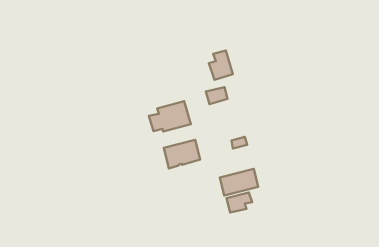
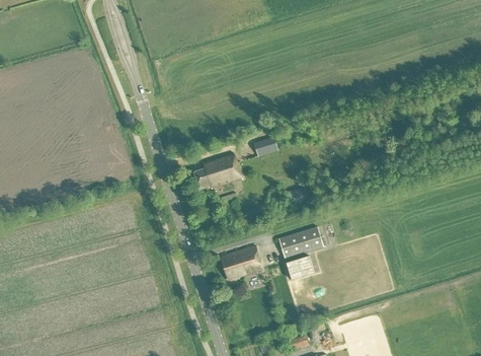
building: [209,51,233,80] -> none
building: [164,140,200,168] -> [219,245,261,280]

